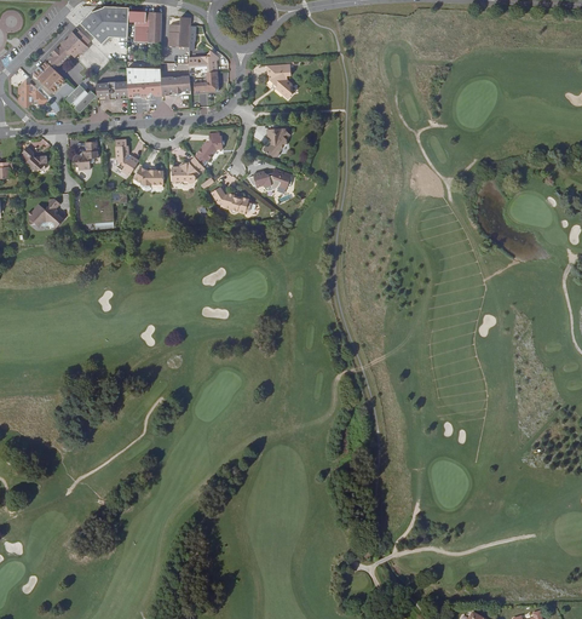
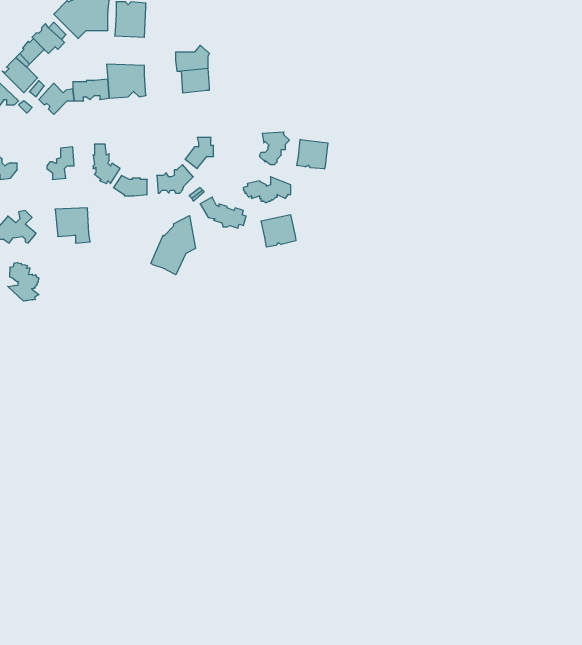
building: [168,16,191,46] -> none
building: [266,63,294,98] -> none
building: [161,75,191,94] -> none
building: none -> [297,139,328,169]
building: none -> [261,215,296,247]
building: none -> [151,216,196,275]
building: none -> [8,263,39,301]

